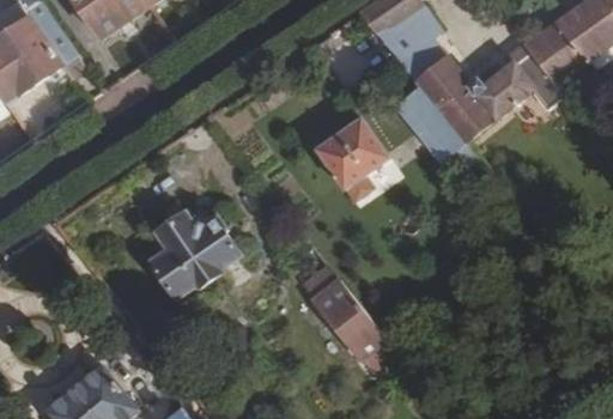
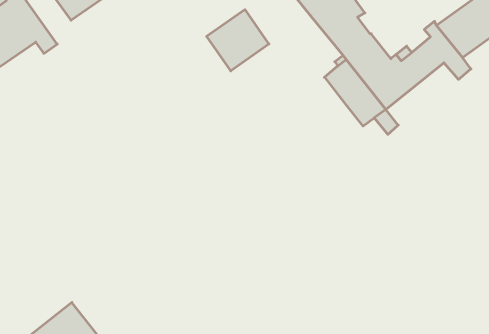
building: [316,119,388,189] -> [207,10,269,71]
building: [150,211,241,298] -> none
building: [302,266,396,372] -> none

